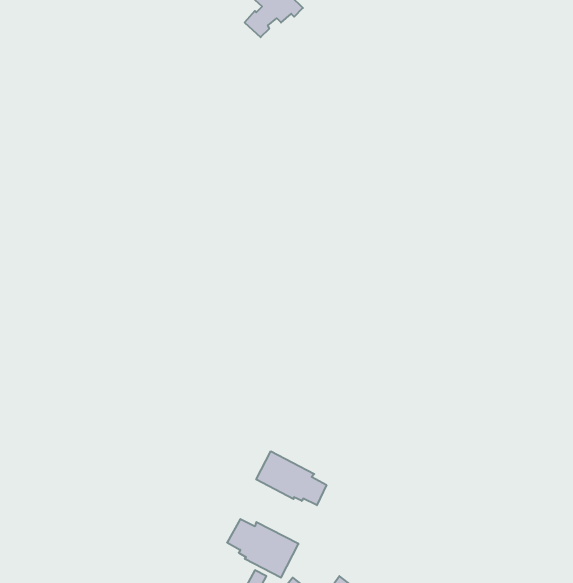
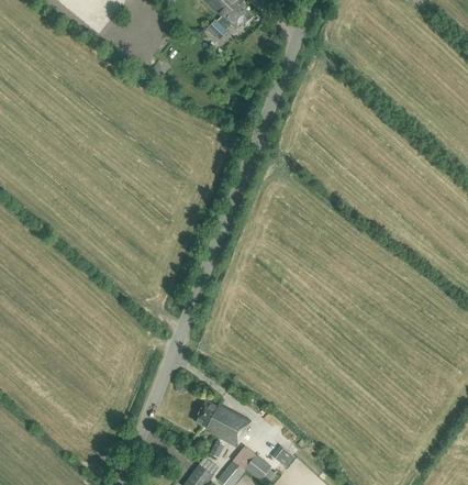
building: [256,451,326,505] -> none

